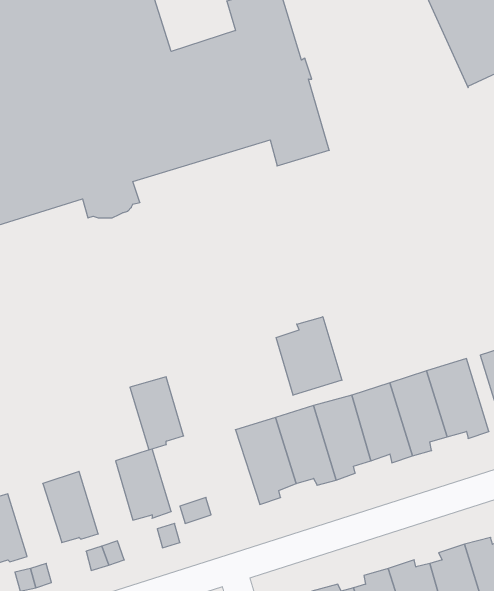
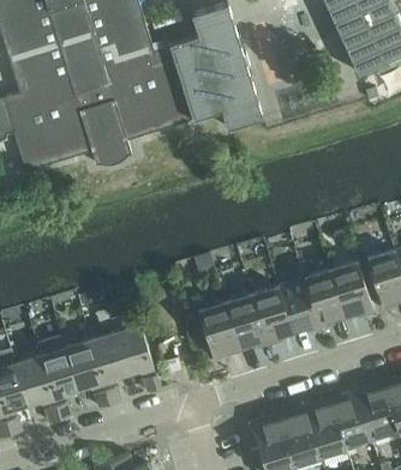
building: [276,317,342,395] -> none
building: [130,377,184,450] -> [90,333,127,384]
building: none -> [41,349,78,399]

